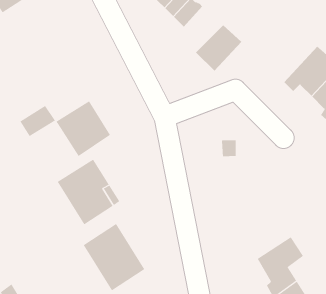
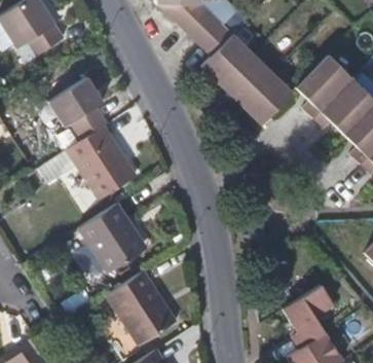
building: none -> [203,39,253,88]
building: none -> [298,59,353,120]
building: none -> [47,75,106,139]
building: none -> [244,77,294,129]

